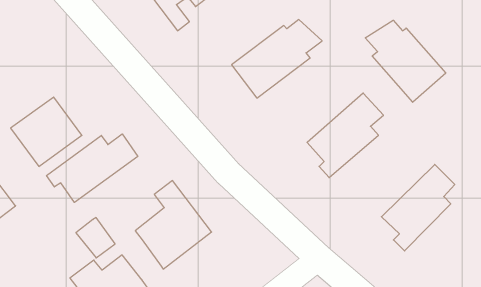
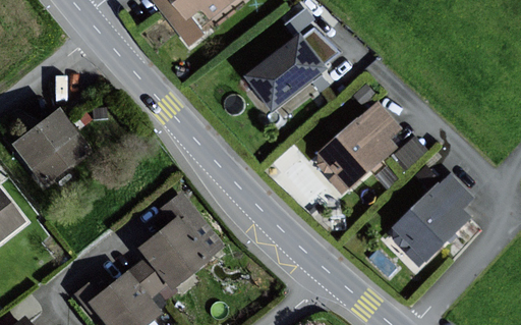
building: [365,20,446,102] -> none
building: [47,134,138,202] -> none
building: [76,218,115,258] -> [130,256,170,296]

